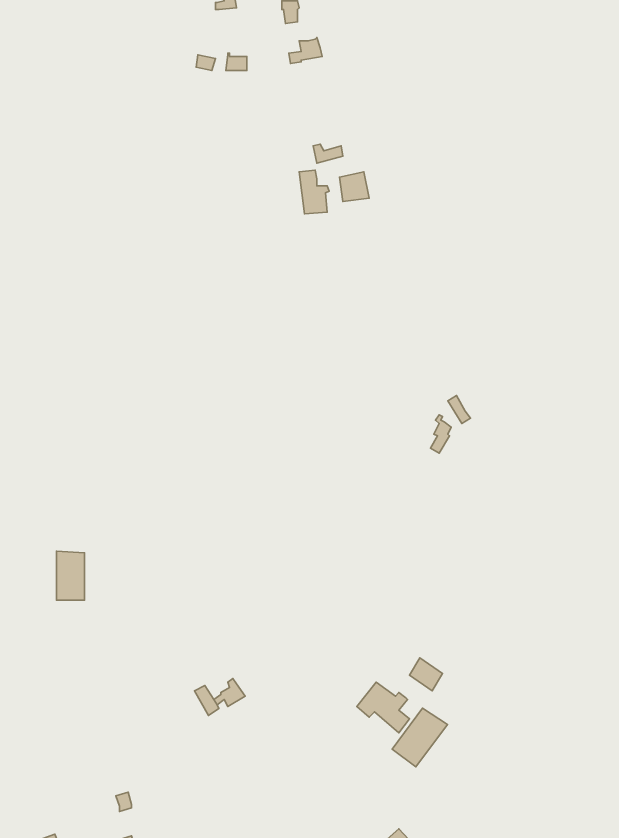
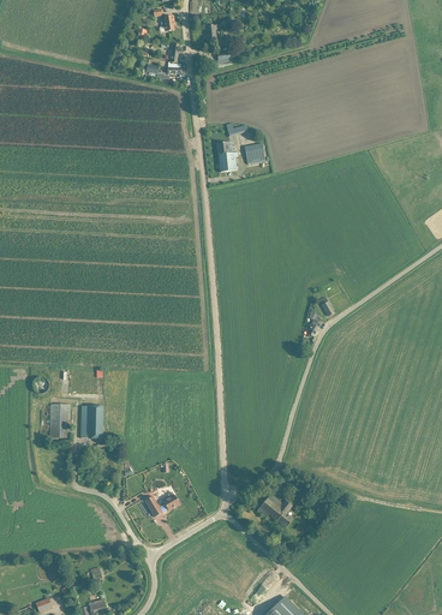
building: none -> [79,406,102,438]
building: [392,708,447,767] -> none

